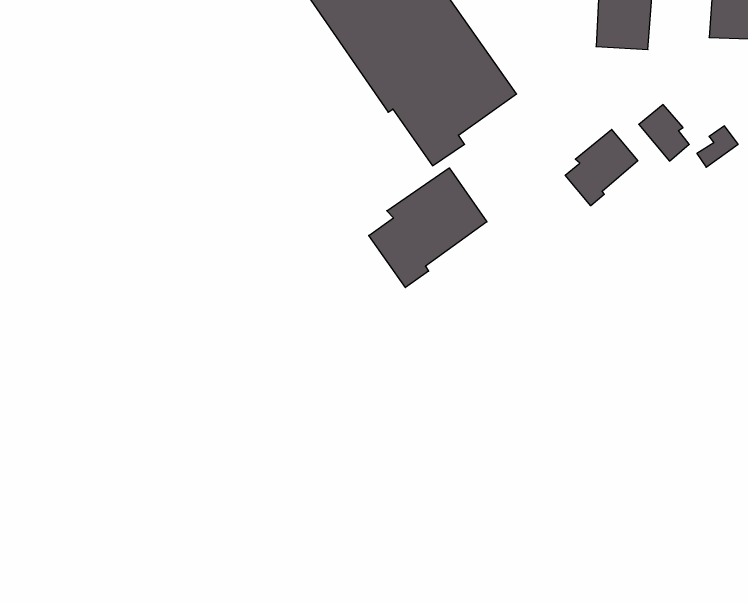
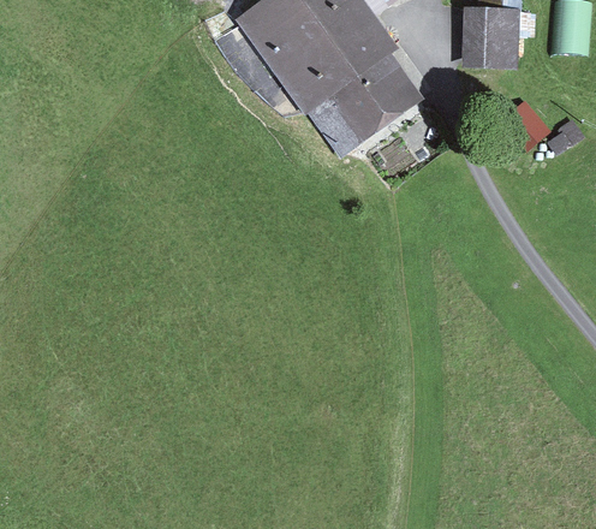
building: [565,129,638,206] -> none
building: [369,168,487,288] -> none

